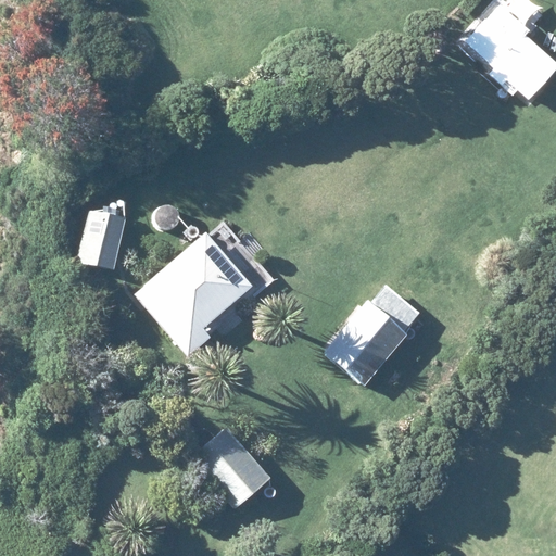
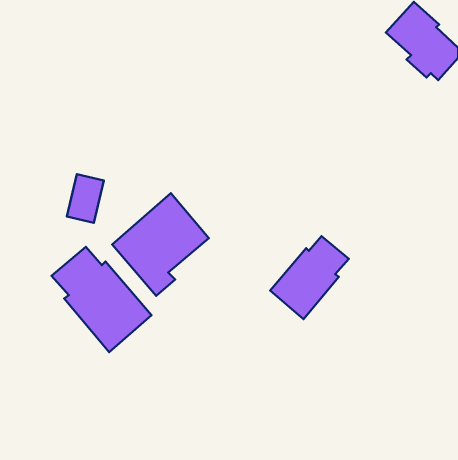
building: none -> [51,247,152,352]
building: [192,429,270,508] -> none

